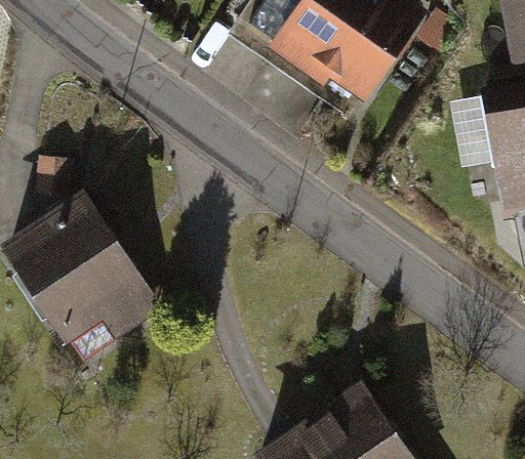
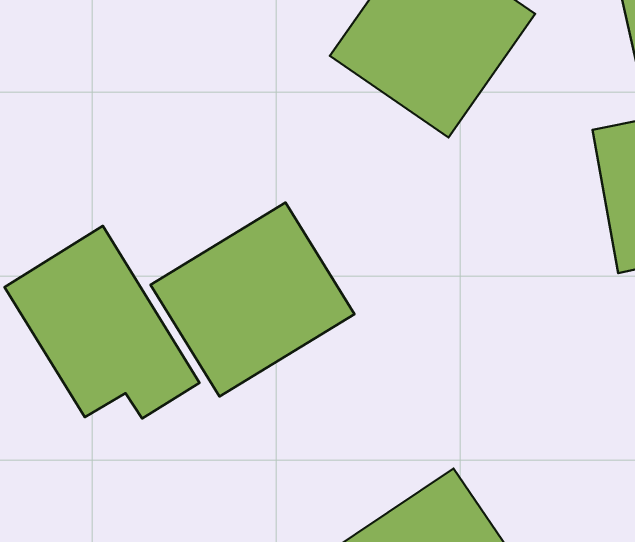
building: none -> [151,203,355,397]

